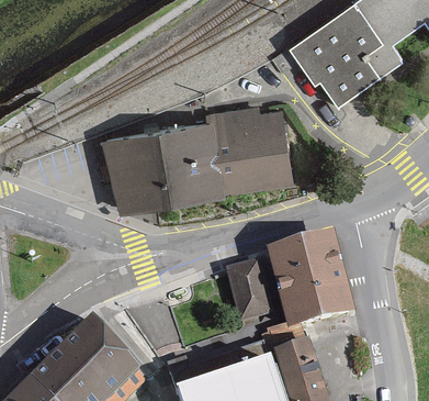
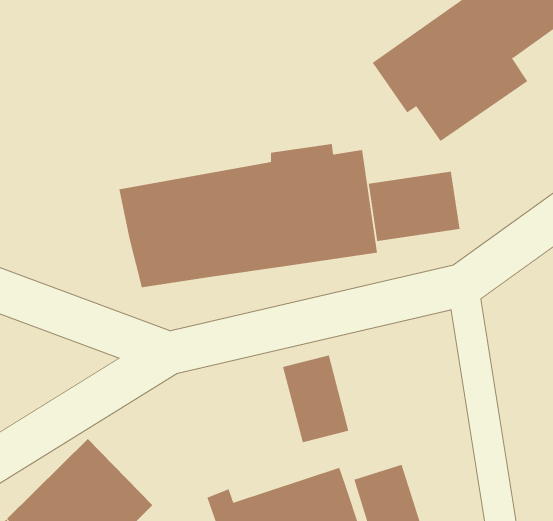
building: none -> [368,171,460,242]
building: [271,242,357,335] -> none

